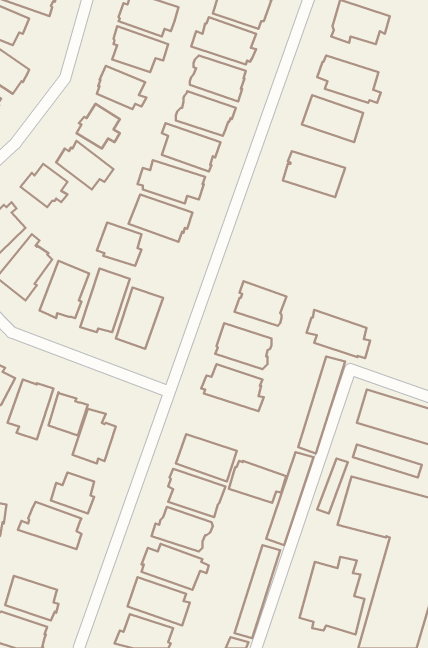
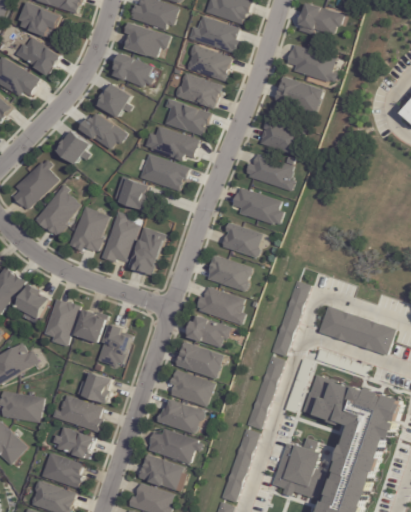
building: none -> [246,154,294,191]
building: [307,310,370,358] -> [233,187,283,225]
building: [229,461,286,503] -> [186,315,231,348]
building: none -> [52,427,96,459]

